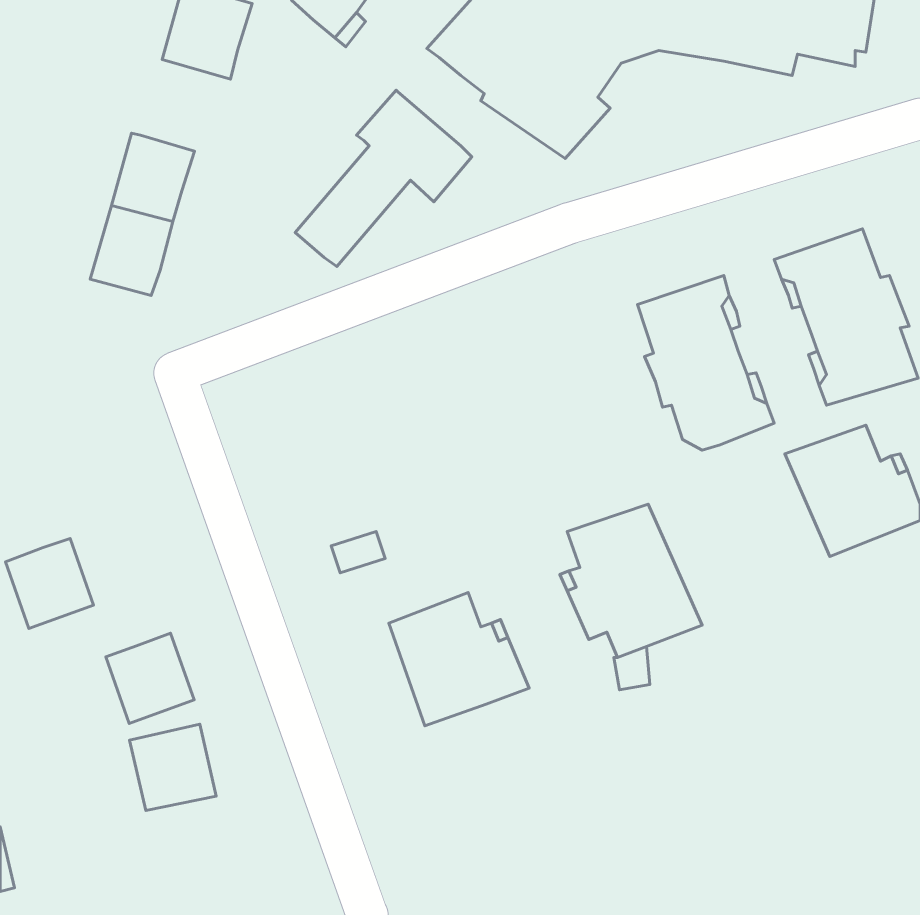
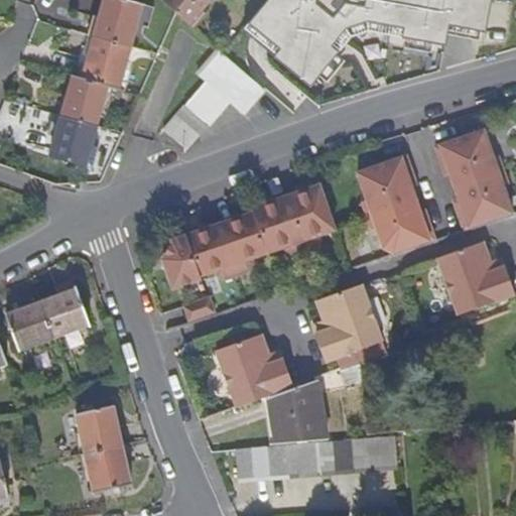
building: none -> [79,33,129,87]
building: none -> [163,181,335,287]
building: [106,633,194,723] -> [39,288,89,339]
building: none -> [272,376,326,440]
building: none -> [236,436,397,479]
building: none -> [82,445,130,494]

